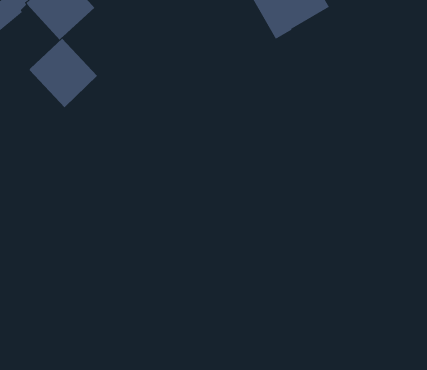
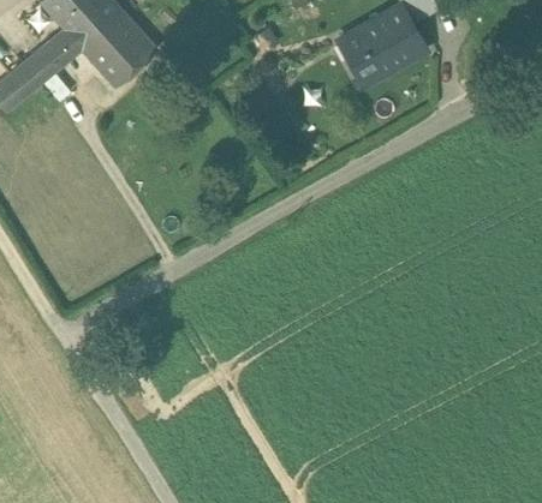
building: [29,38,98,108] -> none

